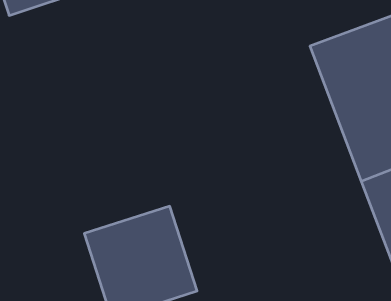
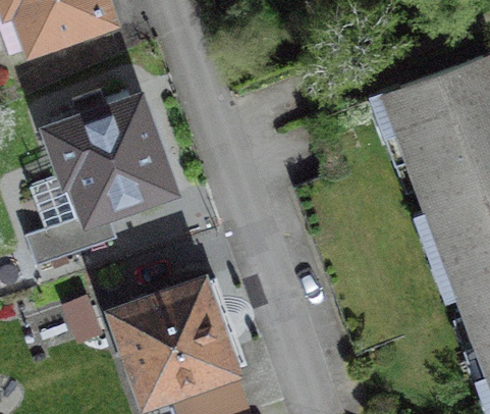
building: none -> [45,98,182,232]

